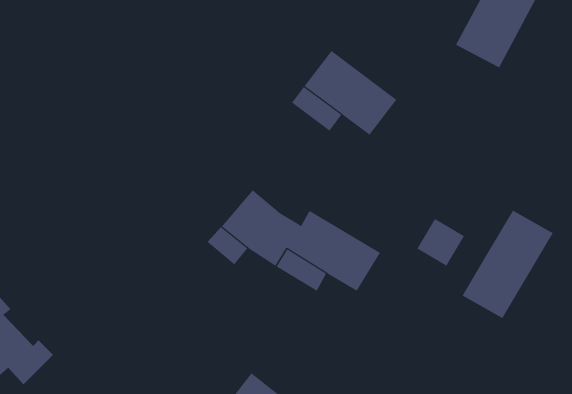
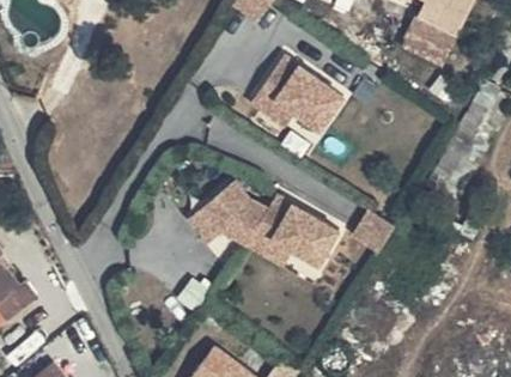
building: [462,210,553,319] -> none

